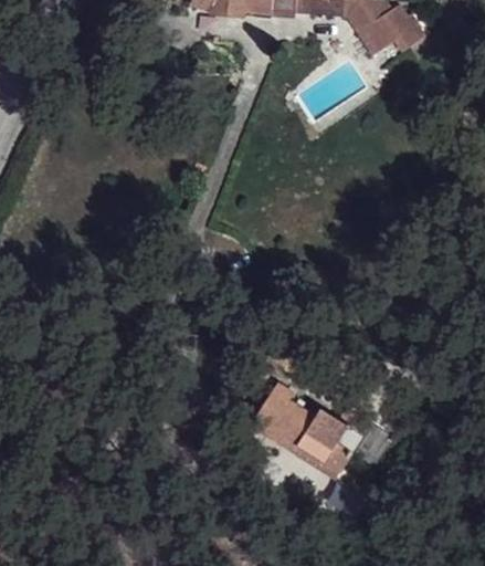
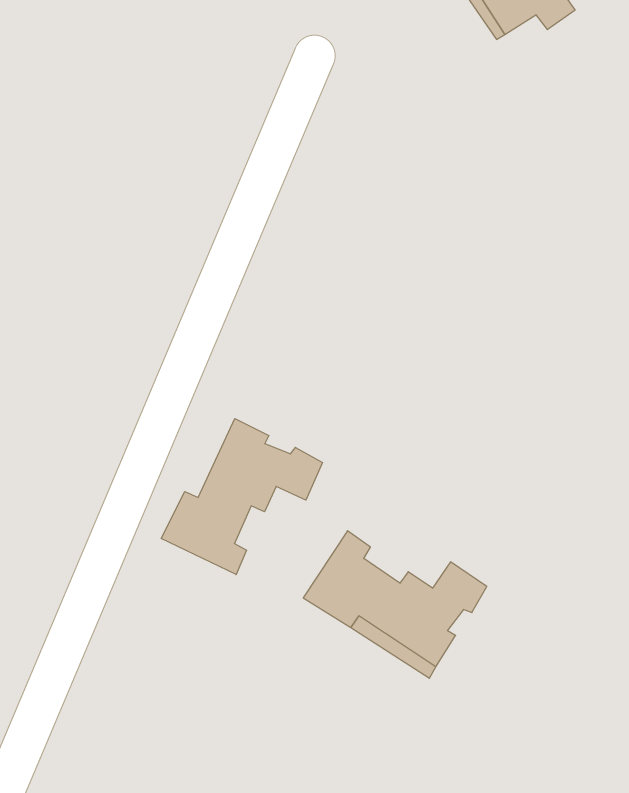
building: none -> [161,419,323,575]

